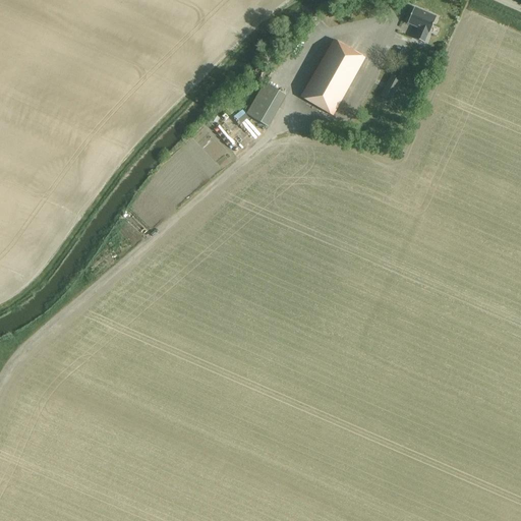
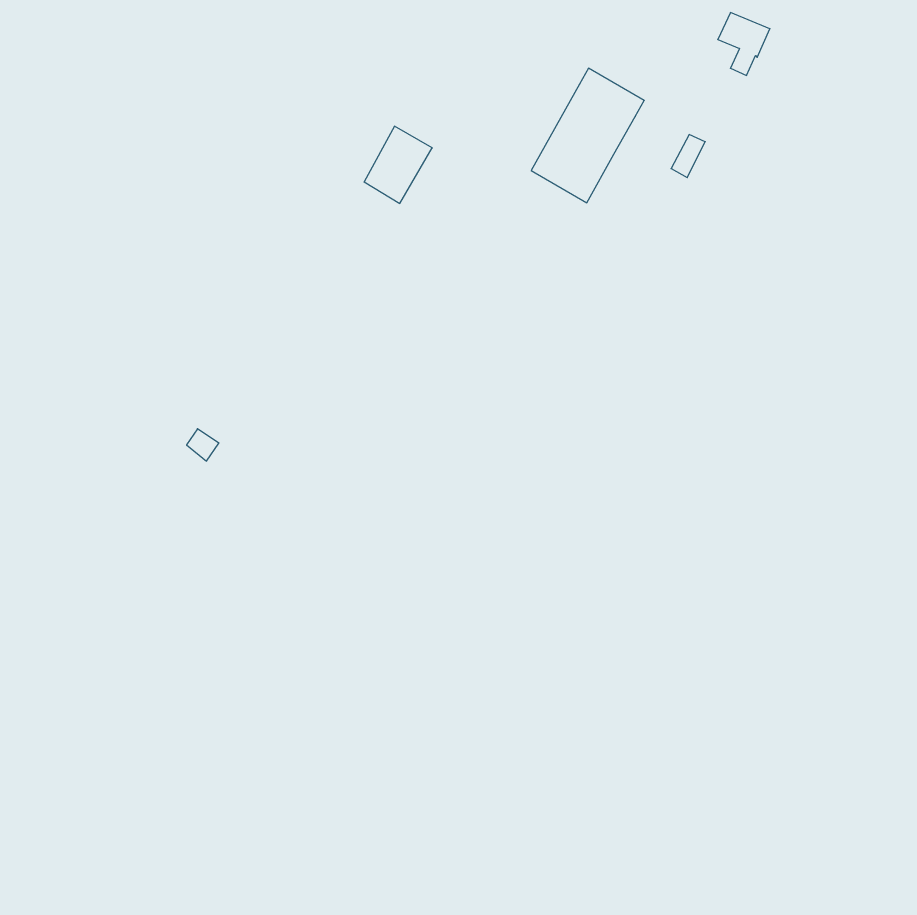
building: [247,82,286,126] -> [364,126,432,203]

